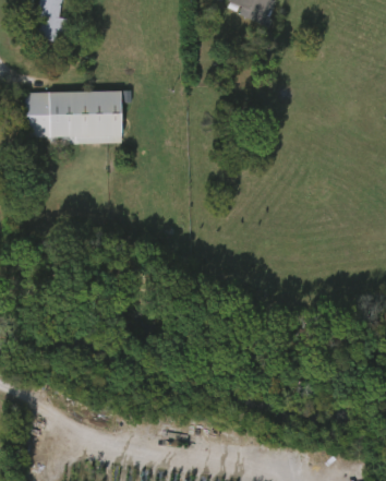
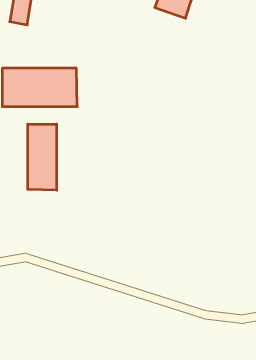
building: none -> [28,124,57,190]

